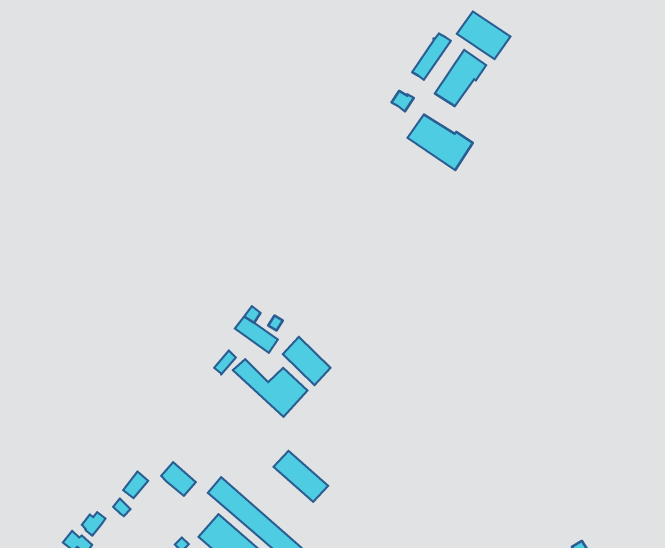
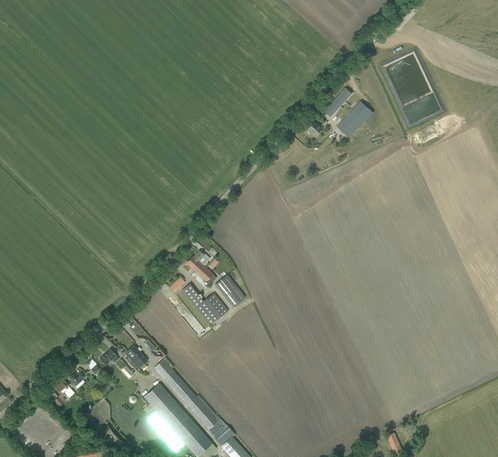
building: [457,11,510,59] -> none
building: [407,115,473,170] -> none
building: [273,451,328,502] -> none

